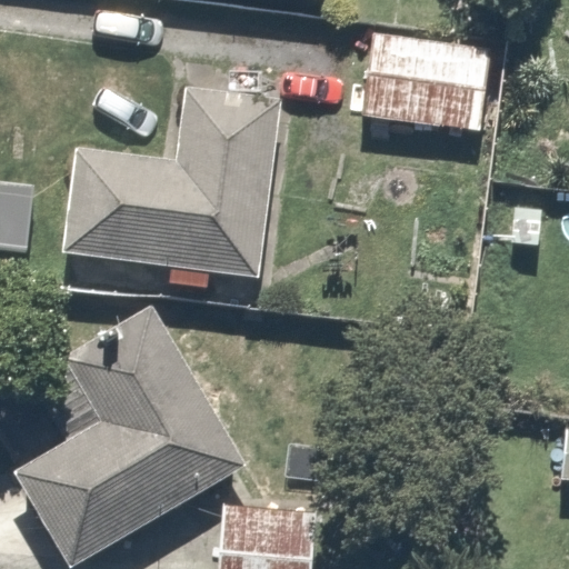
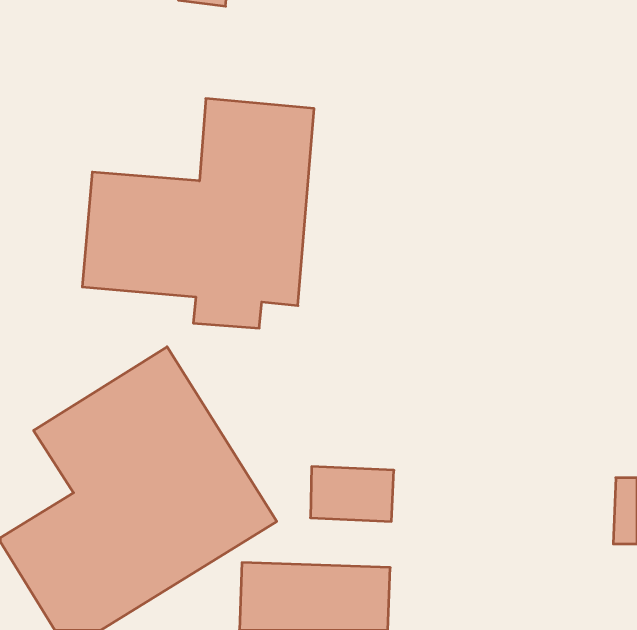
building: [359,22,487,131] -> none

